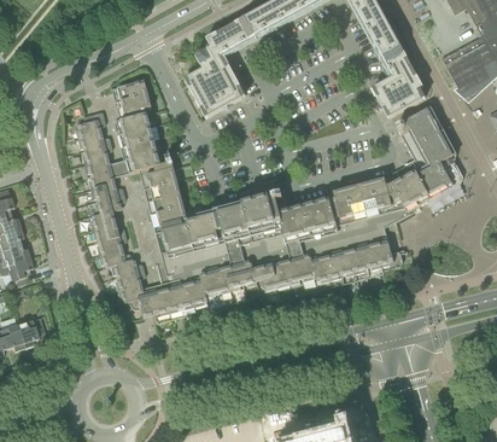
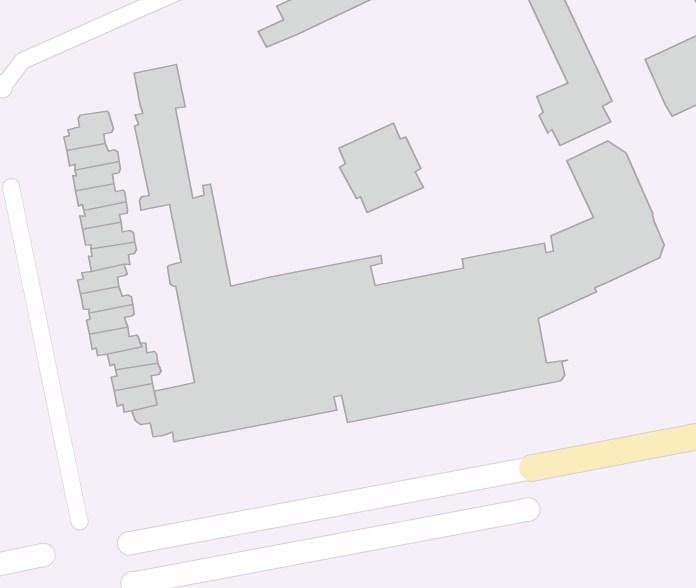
building: [187,57,242,115] -> [339,123,424,213]

